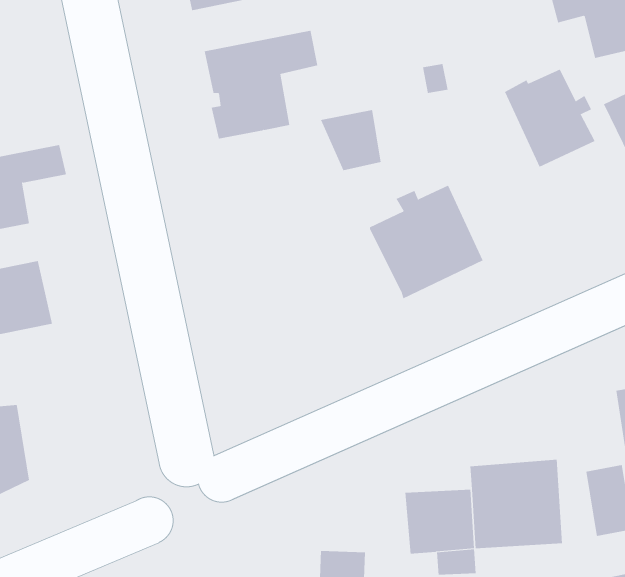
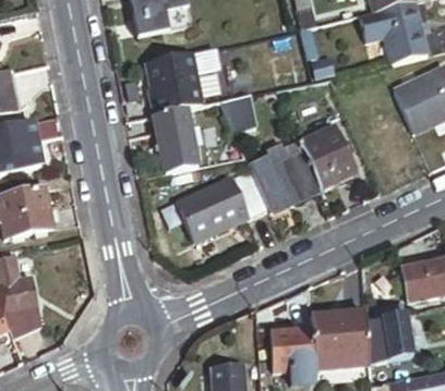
building: [504,69,595,167] -> [298,126,354,187]
building: none -> [155,107,195,171]
building: none -> [179,168,268,241]

